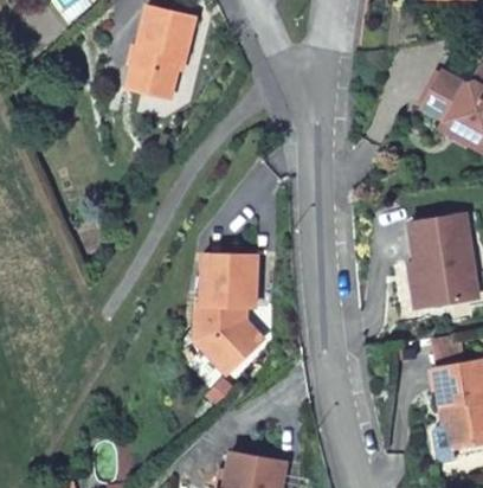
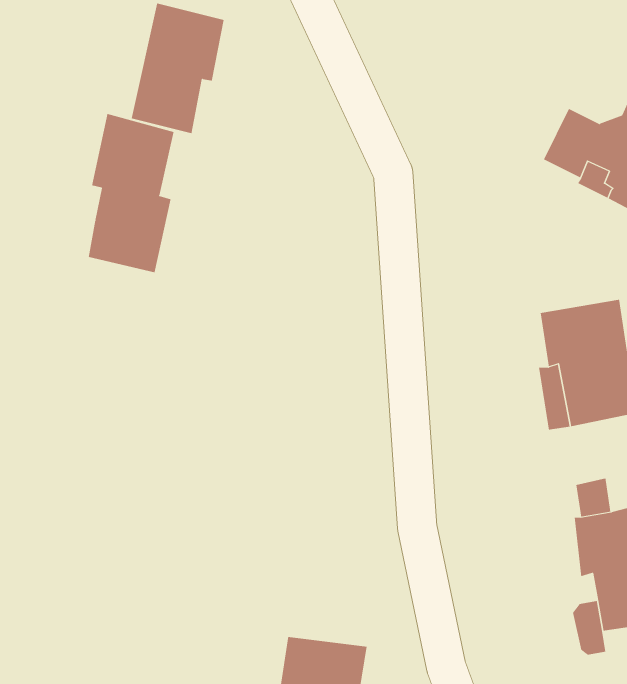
building: none -> [88,113,174,273]
building: [199,251,262,370] -> none

